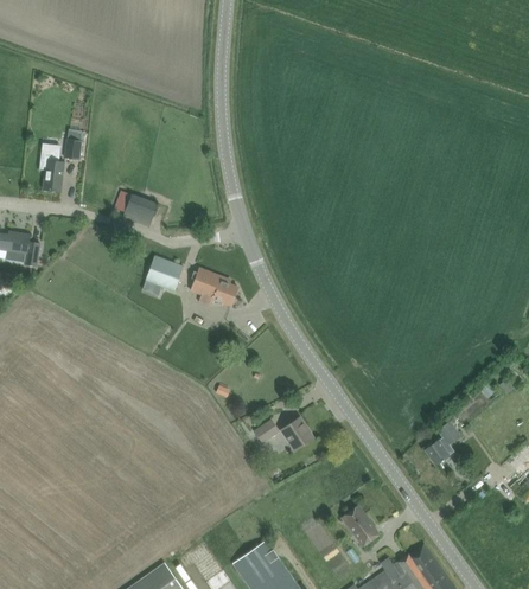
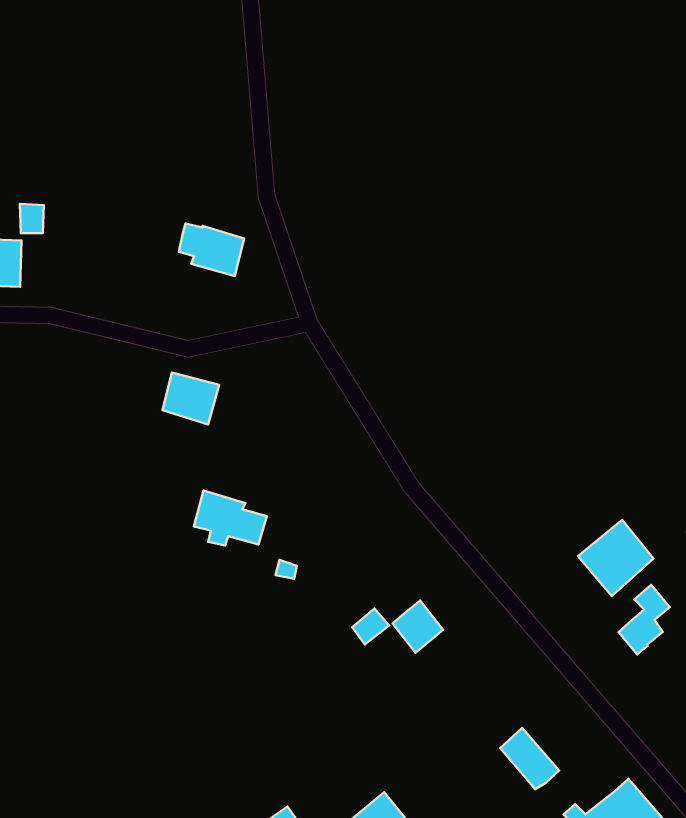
building: [115,191,158,228] -> [179,224,244,276]
building: [191,268,238,306] -> [194,490,267,546]
building: none -> [578,520,653,596]

